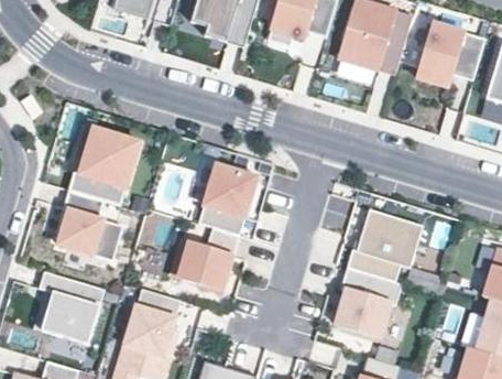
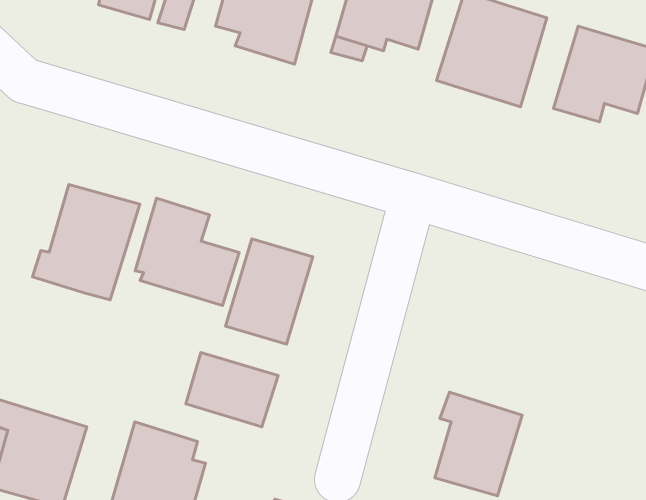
building: [54,190,123,261] -> [135,198,239,305]
building: [347,208,423,282] -> none

